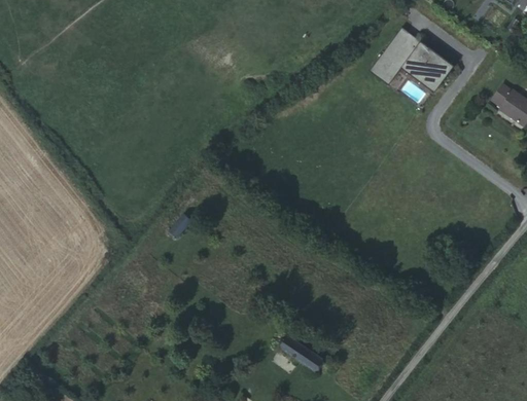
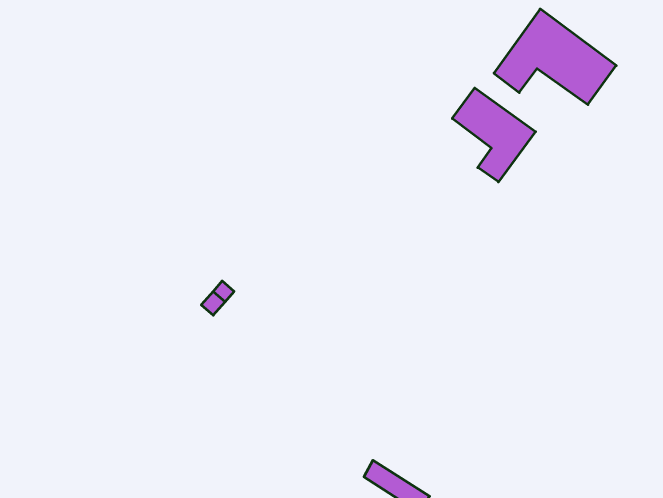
building: none -> [452,88,536,182]

